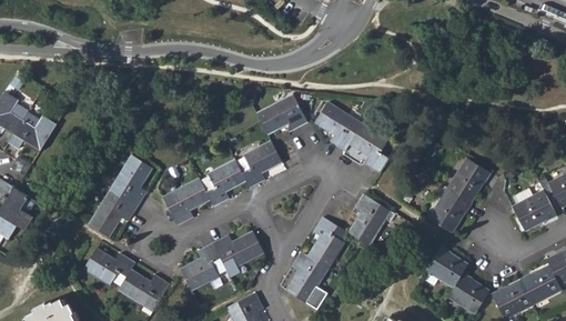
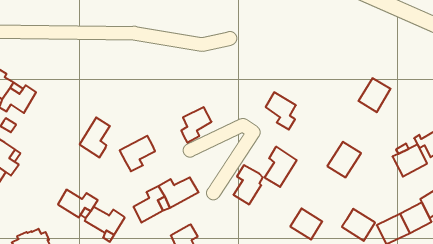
building: [256,93,307,133] -> none
building: [315,102,361,150] -> none
building: [448,158,489,201] -> [358,78,391,112]
building: [205,161,245,205] -> none
building: [90,190,138,235] -> none
building: [426,247,467,287] -> [290,208,322,240]
building: [286,250,329,309] -> none

